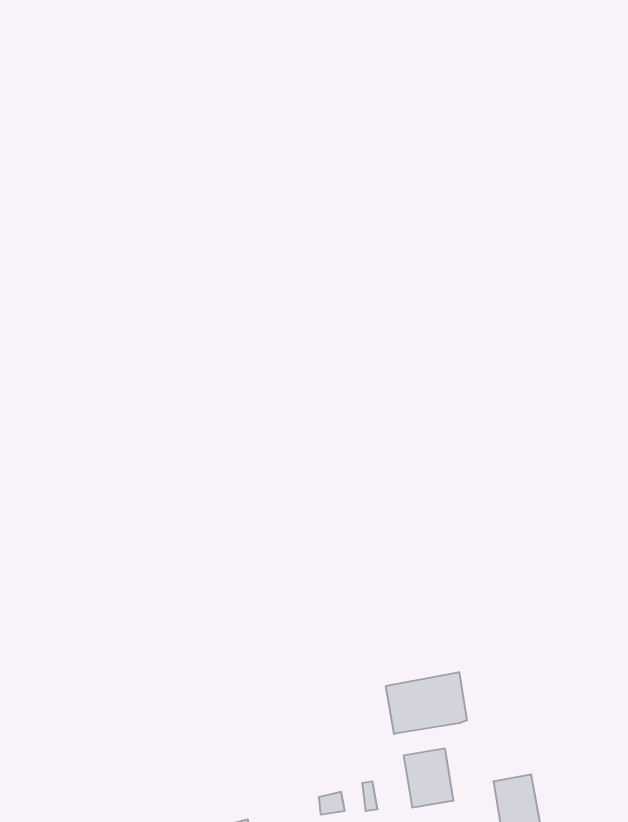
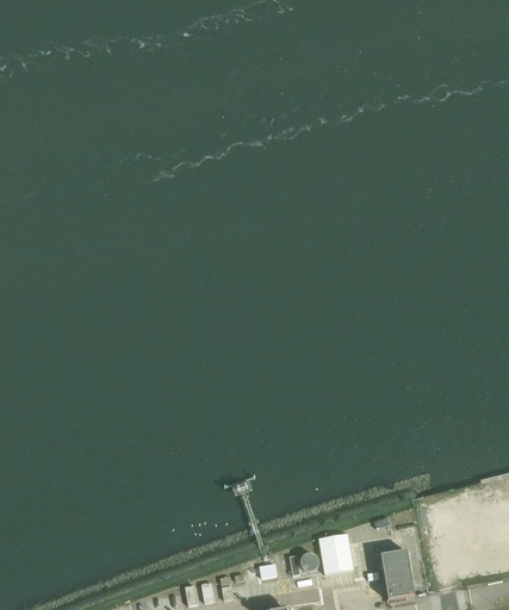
building: [386,672,467,734] -> none

